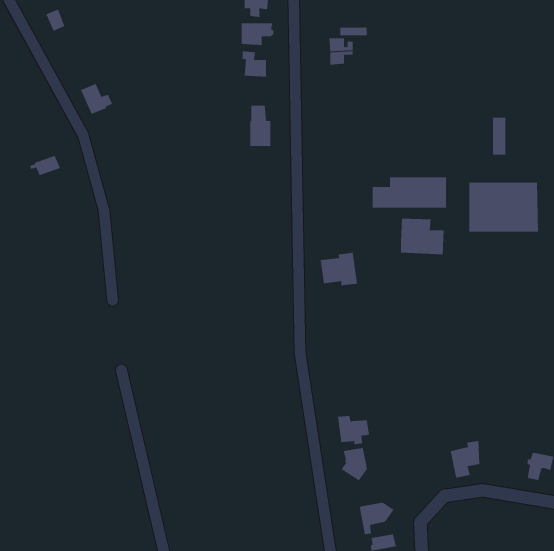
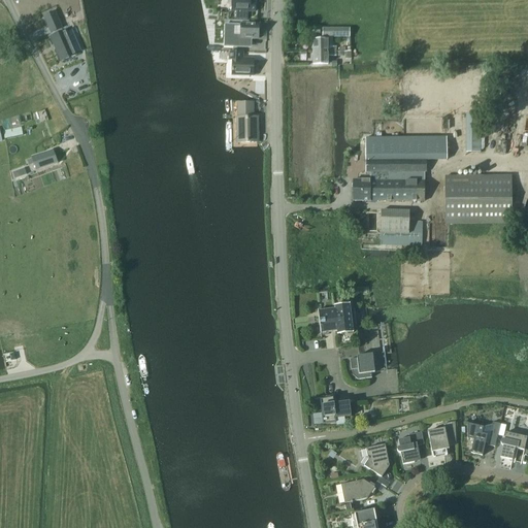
building: [80,83,113,115] -> [51,28,81,58]
building: none -> [363,136,446,168]
building: [320,252,358,286] -> [318,300,354,332]
building: none -> [351,352,375,376]
building: none -> [467,419,500,453]
building: [341,448,368,481] -> [364,442,390,474]
building: none -> [397,429,425,462]

